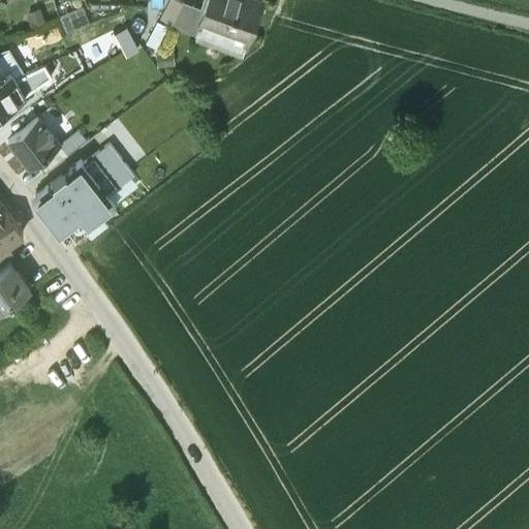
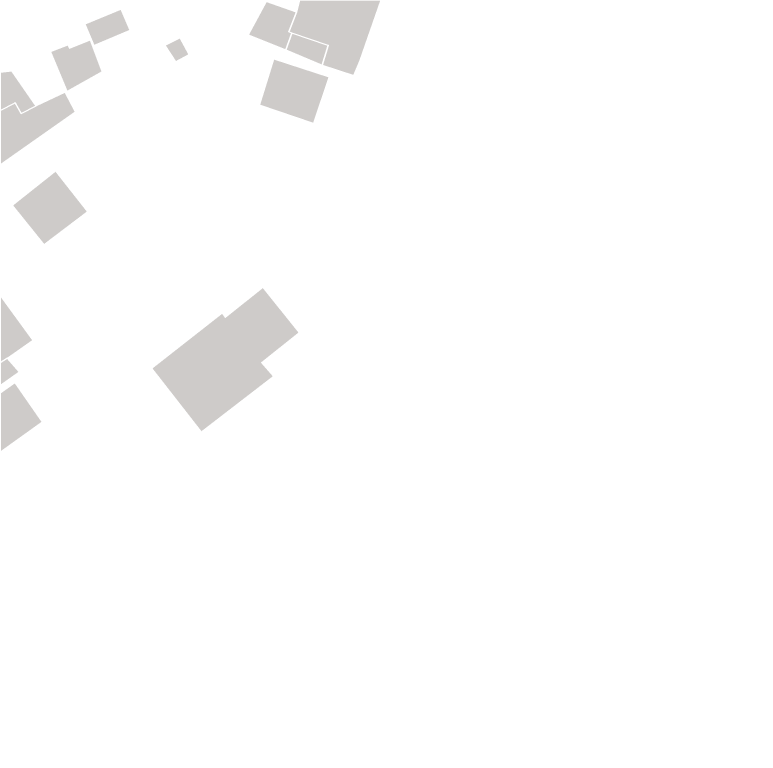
building: none -> [50,40,102,92]
building: none -> [260,59,329,124]
building: [32,145,133,244] -> [151,287,300,432]

